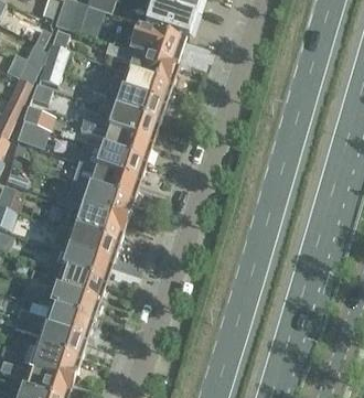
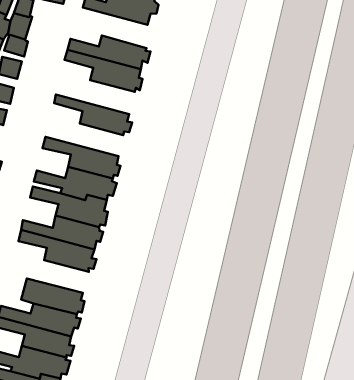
building: [105,43,175,84] -> none
building: [83,109,158,142] -> none
building: [71,148,144,180] -> none
building: [30,269,105,301] -> none

